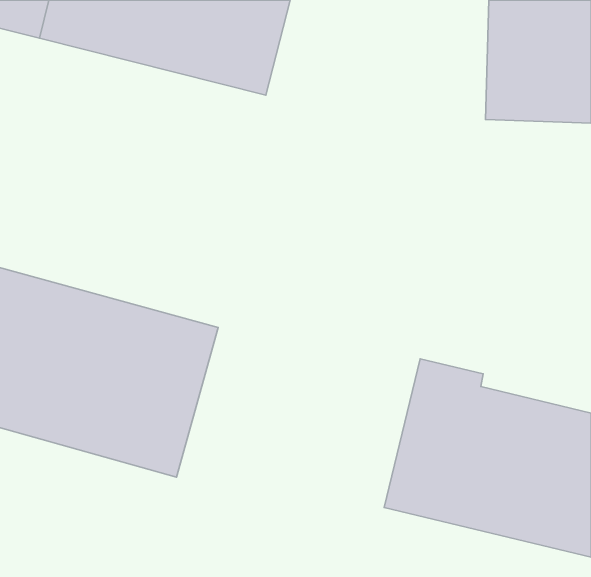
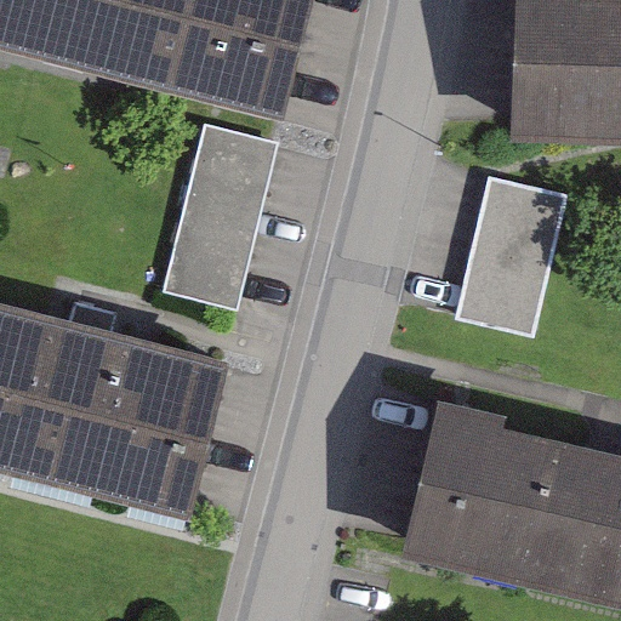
building: none -> [161,139,275,317]
building: none -> [457,198,574,358]

